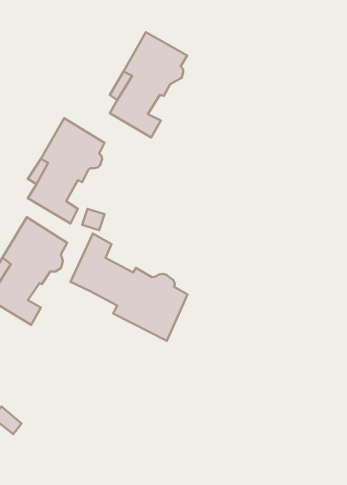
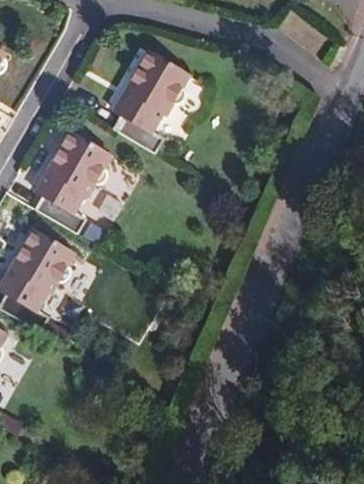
building: [71,233,188,341] -> none

